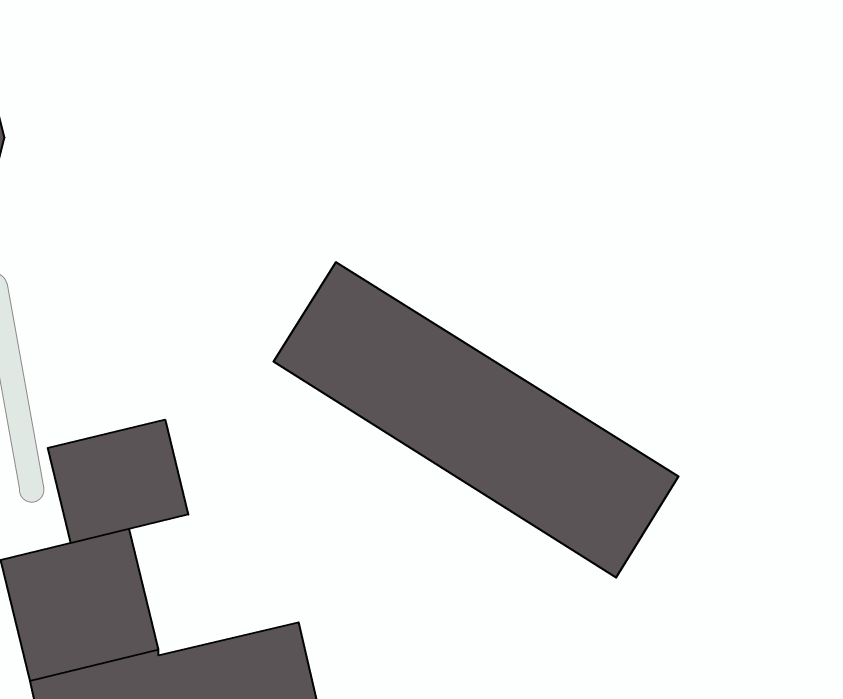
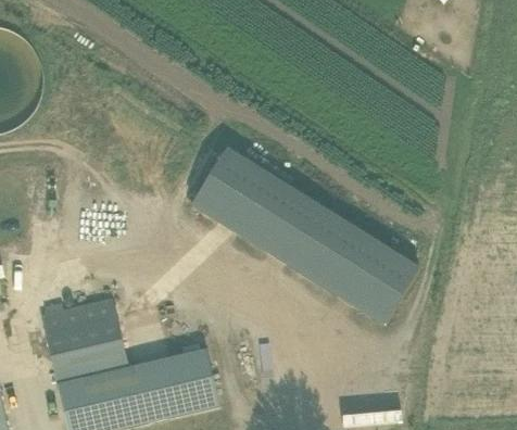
building: [48,420,188,543] -> none

